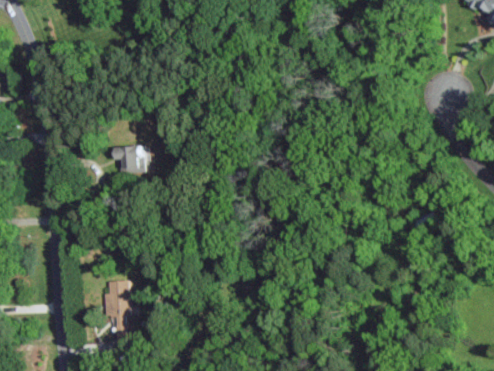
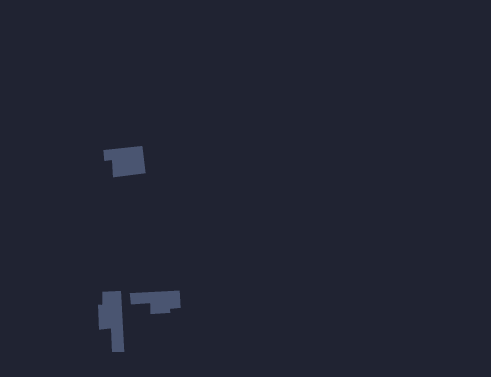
building: none -> [129,290,181,315]

